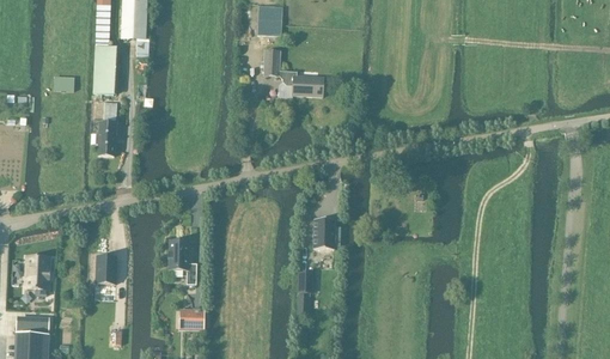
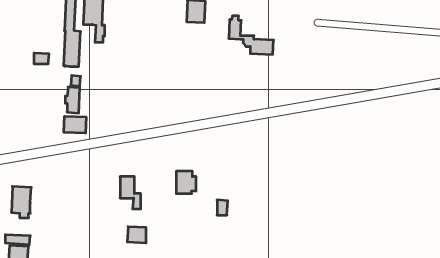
building: [263,44,323,96] -> [229,16,274,54]
building: none -> [64,116,86,133]
building: [313,219,340,249] -> [176,171,196,194]
building: [94,255,116,284] -> none

